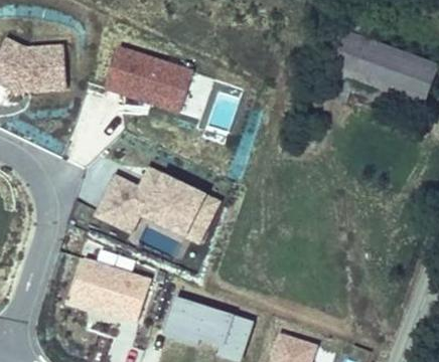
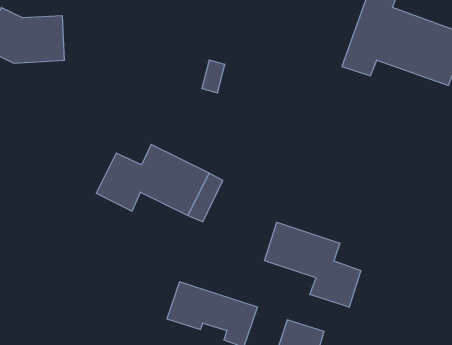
building: [105,46,192,111] -> none
building: none -> [264,222,361,307]
building: [68,256,149,321] -> none

